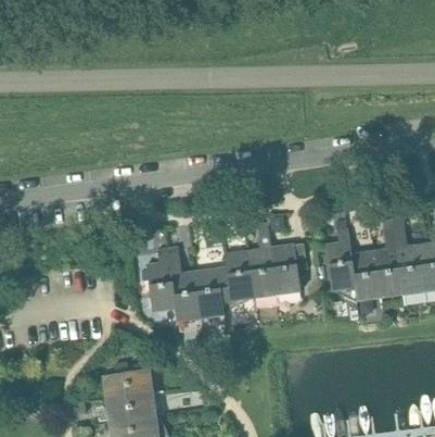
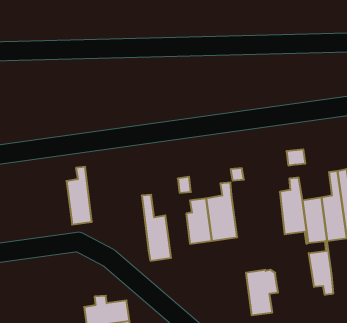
building: [270,242,307,295] -> [246,270,278,315]
building: [145,247,175,313] -> [66,167,92,225]
building: [194,267,223,319] -> none
building: none -> [309,241,333,295]

